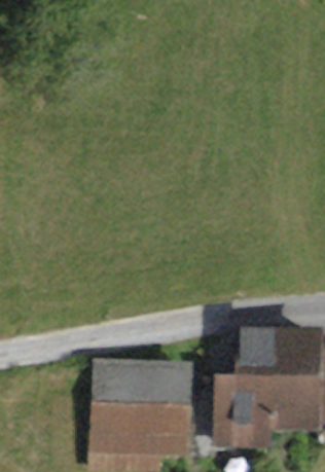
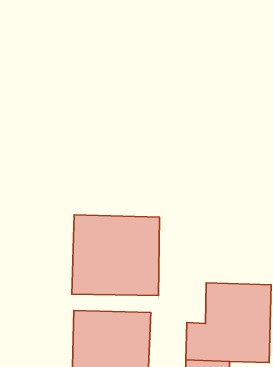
building: none -> [72,215,160,295]

